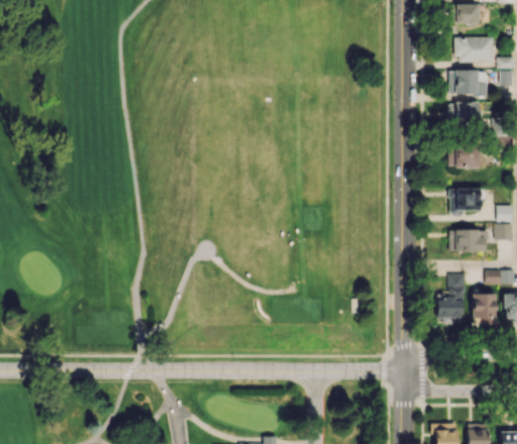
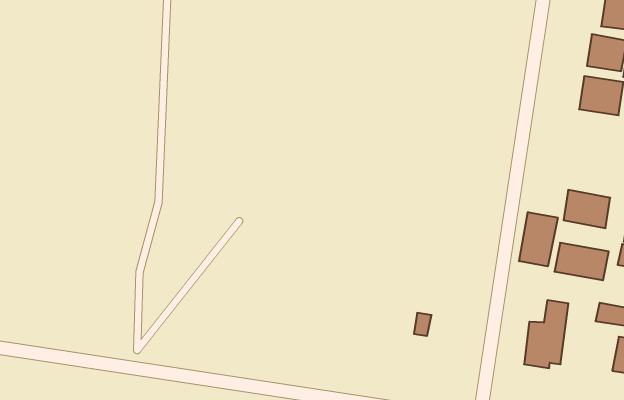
building: [450,145,480,168] -> none
building: none -> [519,212,558,266]
building: [473,294,496,326] -> none

